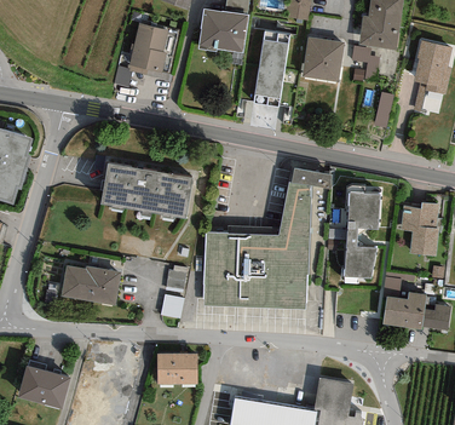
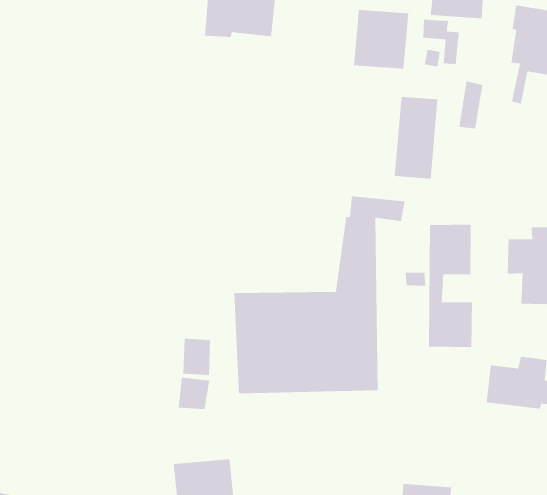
building: [128,24,169,76] -> none
building: [254,40,289,100] -> [394,96,438,179]
building: [100,163,190,217] -> none
building: [61,265,121,306] -> none

